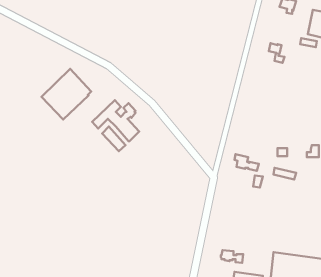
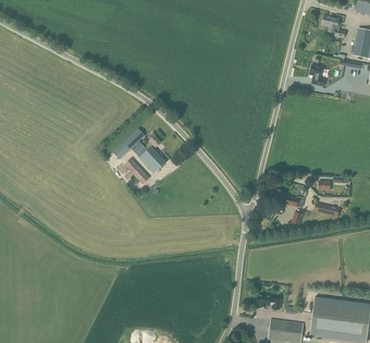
building: [41,69,91,119] -> none

